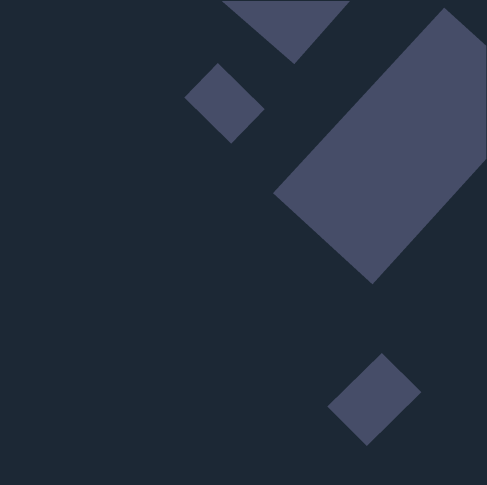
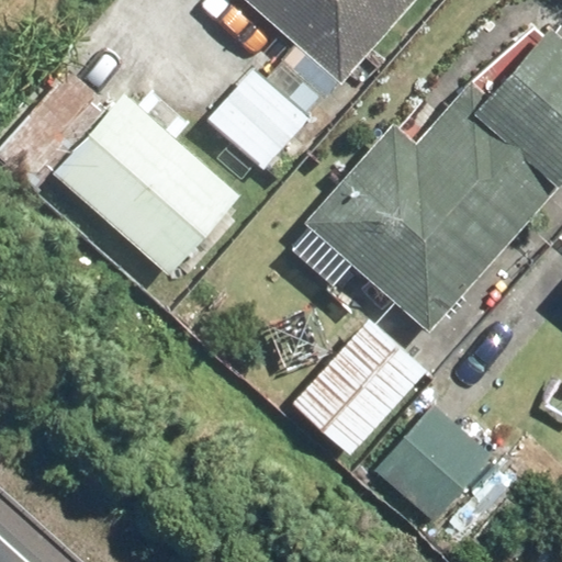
building: none -> [57,95,232,266]
building: none -> [294,319,427,453]

